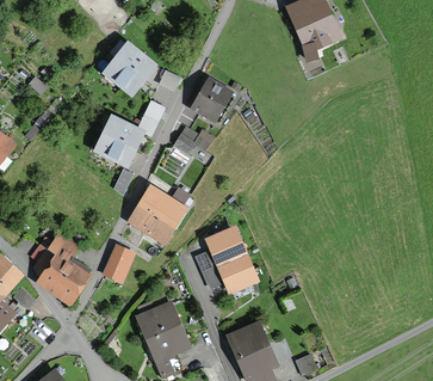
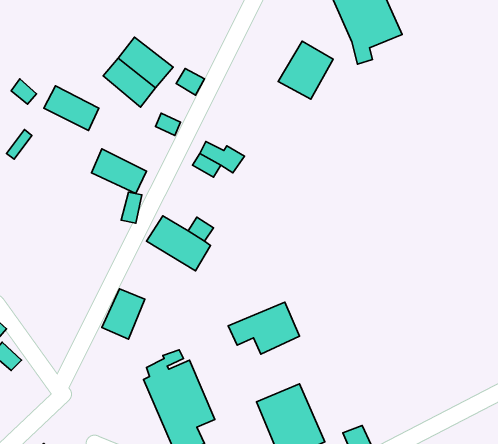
building: [190,78,234,124] -> [278,41,333,99]
building: [101,113,146,149] -> [44,86,99,130]
building: [126,205,177,247] -> none
building: [33,217,97,302] -> none
building: [194,226,248,274] -> none

